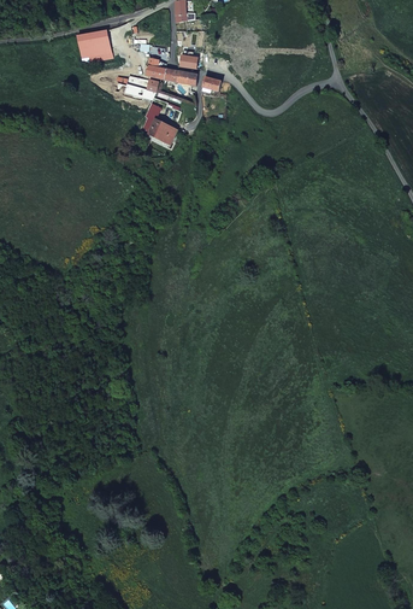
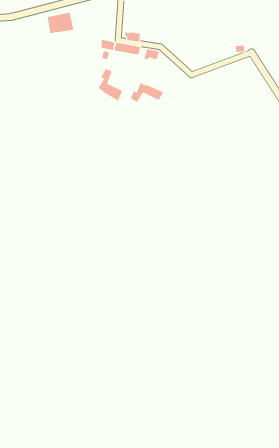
building: none -> [130,83,164,103]

